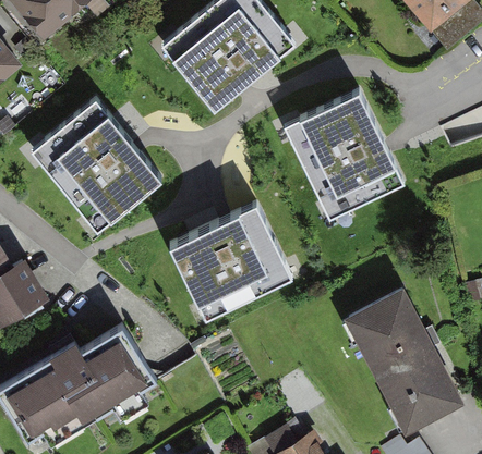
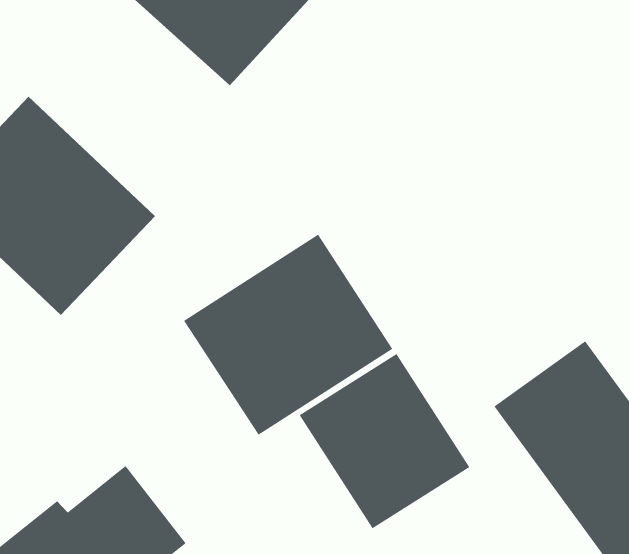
building: [282,90,406,222] -> none
building: none -> [299,353,470,529]

